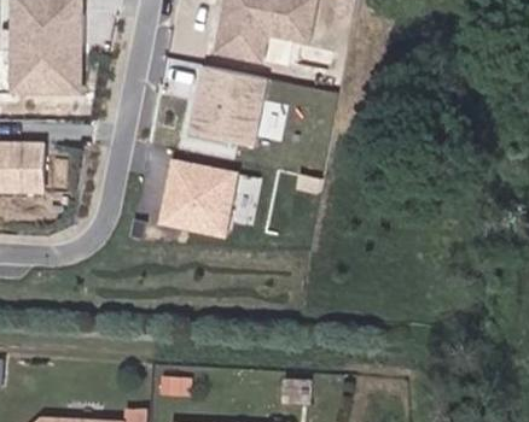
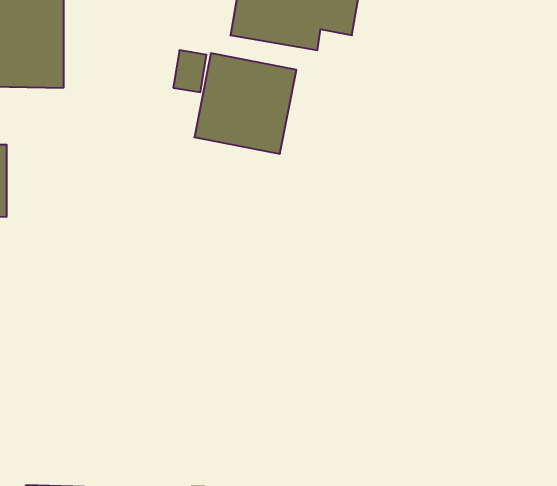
building: [156,158,238,239] -> none

